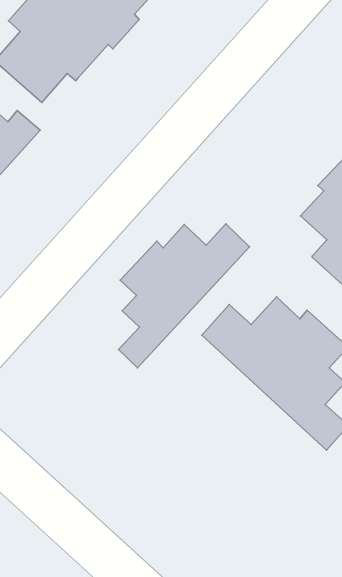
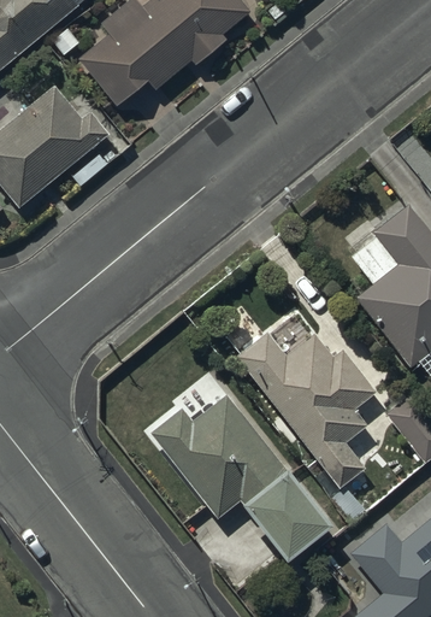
building: [118,224,250,368] -> none
building: none -> [150,394,332,564]

